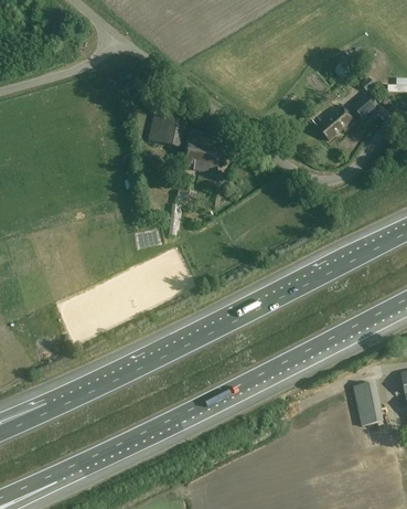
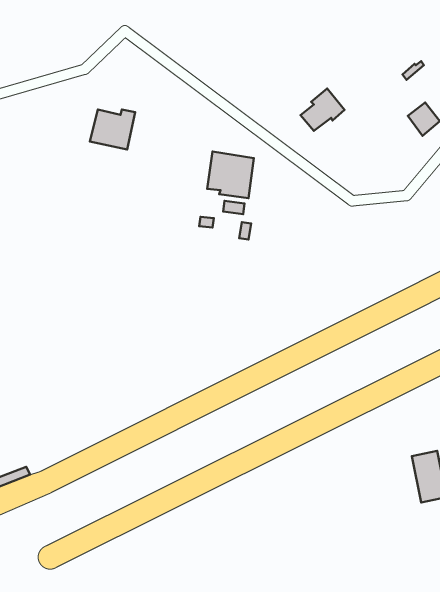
building: [318,104,354,139] -> [301,88,345,131]
building: [148,113,185,146] -> [90,110,135,149]

